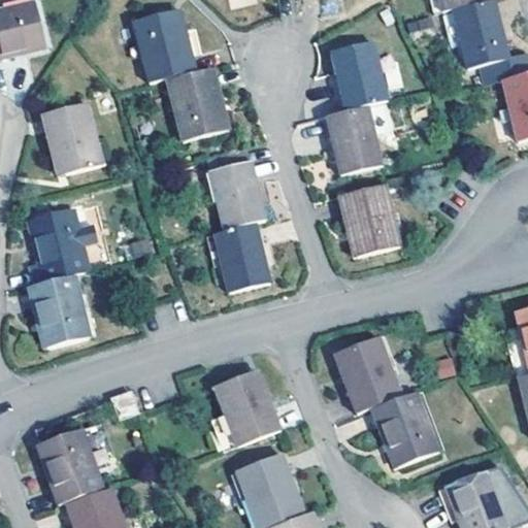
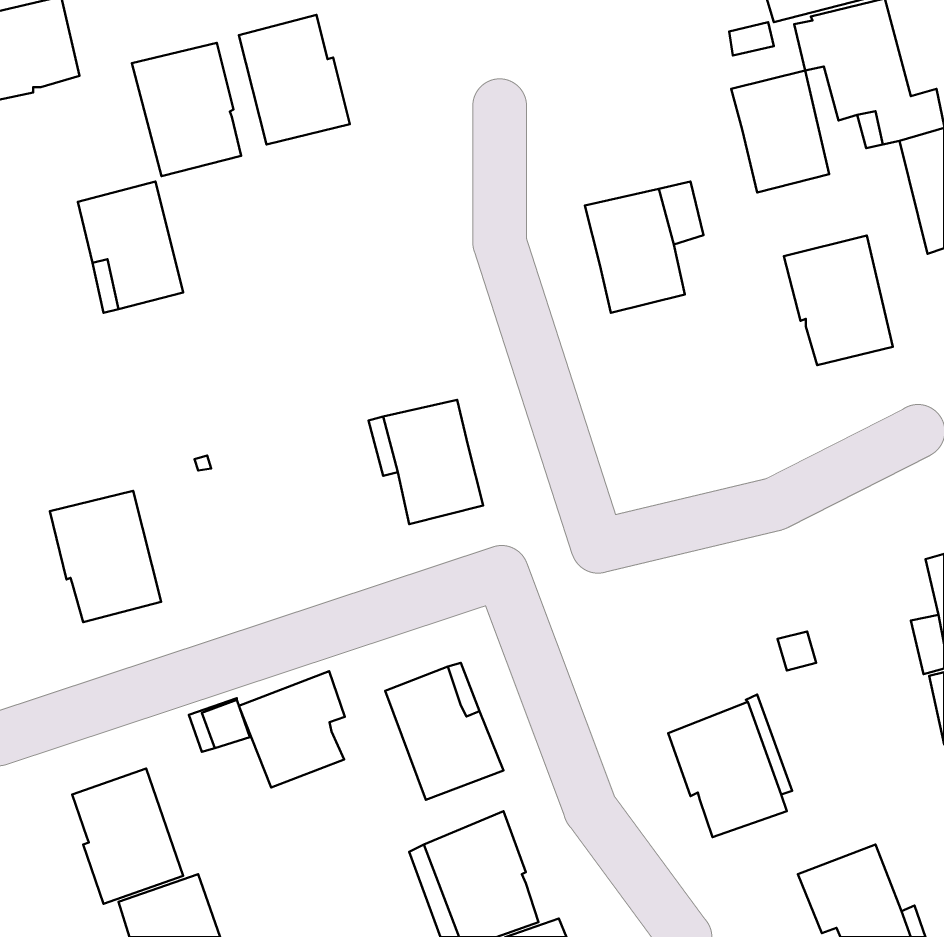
building: [331,40,386,108] -> [731,70,829,193]
building: [166,67,227,141] -> [132,43,241,176]
building: [205,145,264,228] -> none
building: [338,184,399,256] -> [784,236,893,365]
building: [30,206,96,282] -> none
building: [337,335,400,411] -> none
building: none -> [239,671,345,787]

